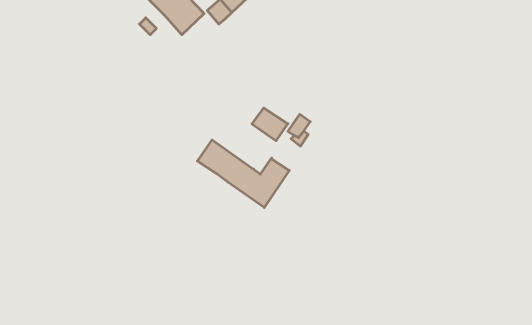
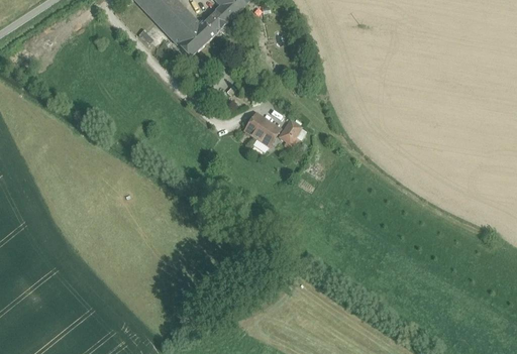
building: none -> [178,21,214,56]
building: [197,140,289,208] -> none

